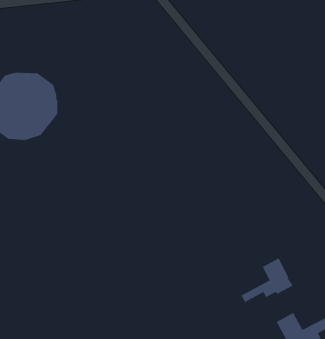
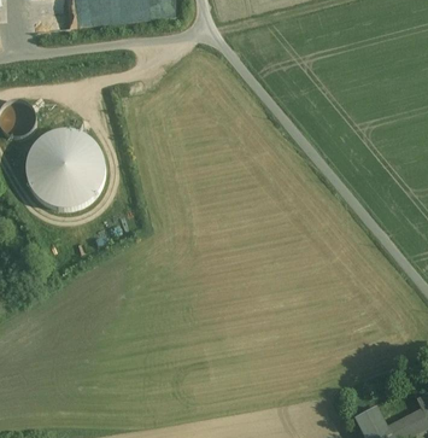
building: [241,258,294,303] -> none

